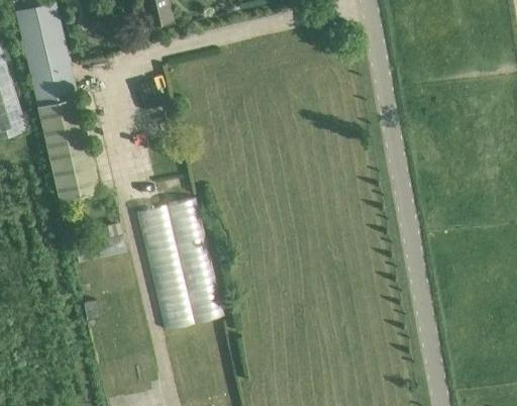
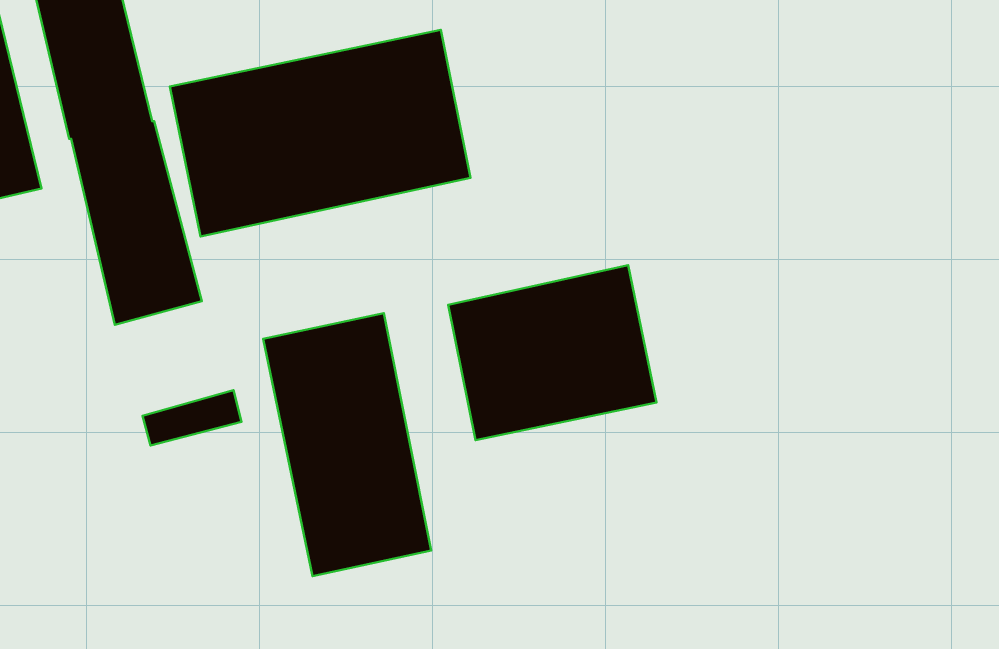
building: none -> [170,30,471,237]
building: none -> [448,265,657,440]

